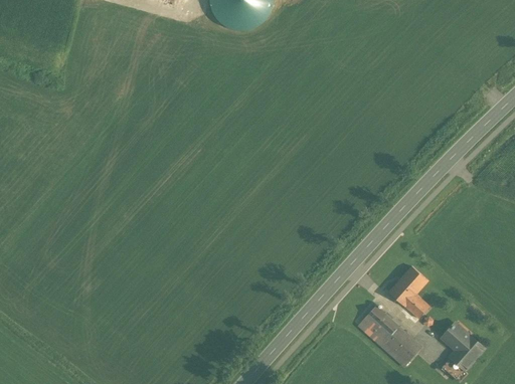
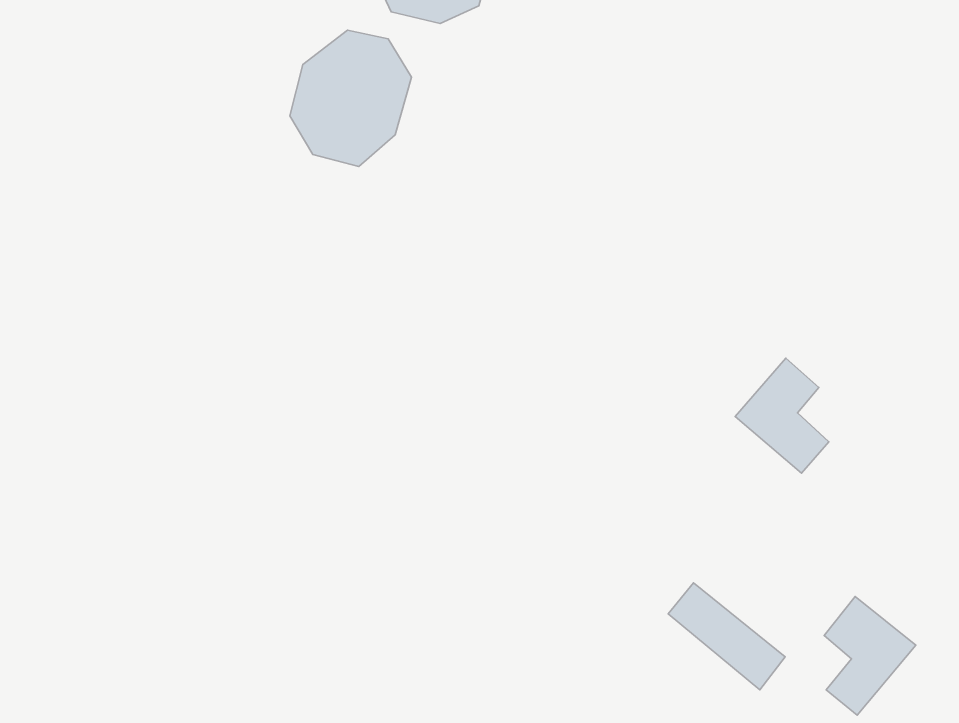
building: none -> [290,30,411,166]
building: [387,262,436,322] -> [735,358,829,473]

